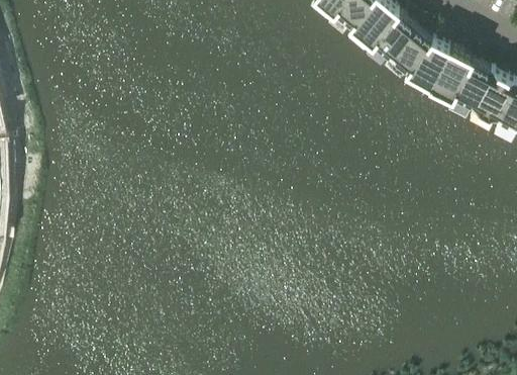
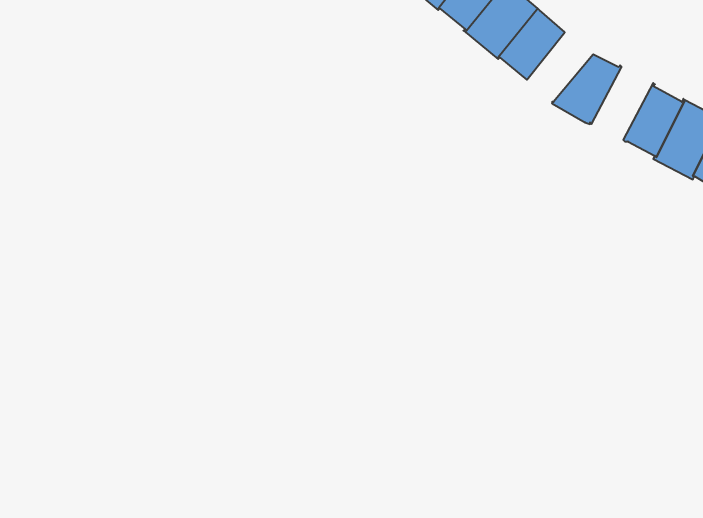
building: [388,32,430,77] -> none
building: [427,55,469,103] -> none

